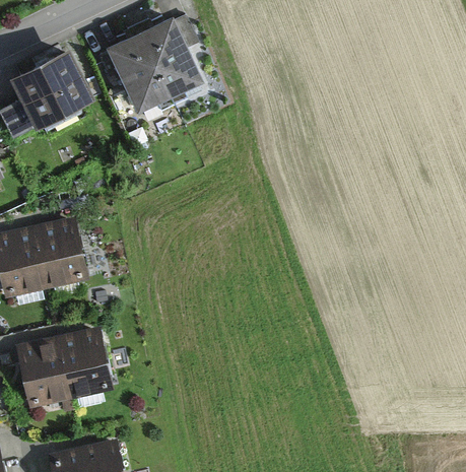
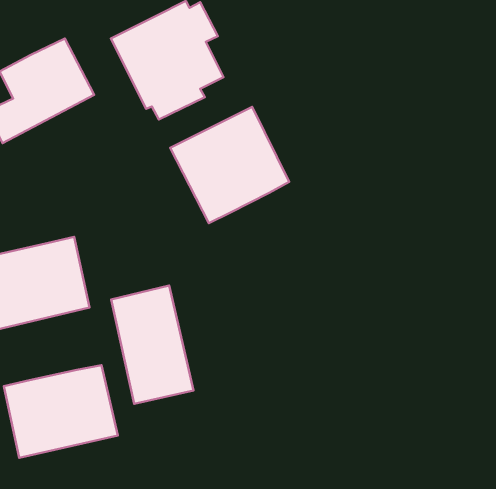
building: none -> [170,107,289,223]
building: none -> [111,285,194,404]

